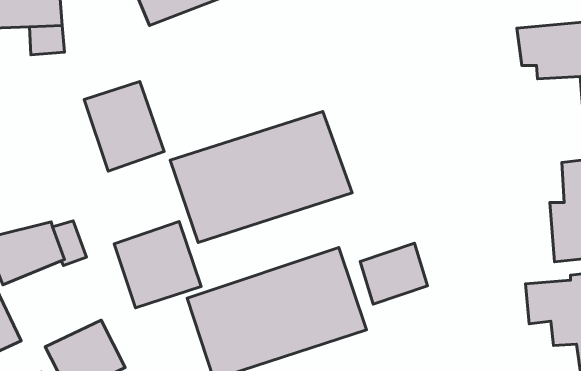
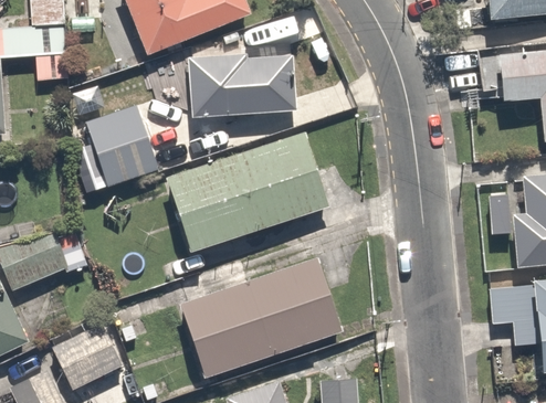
building: none -> [187,44,297,117]
building: [114,221,201,308] -> none
building: [360,243,428,304] -> none

